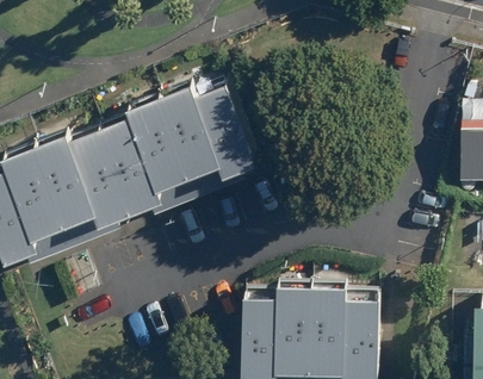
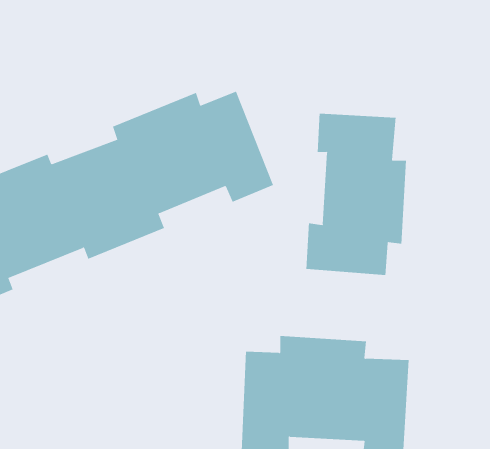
building: none -> [306,113,406,276]

